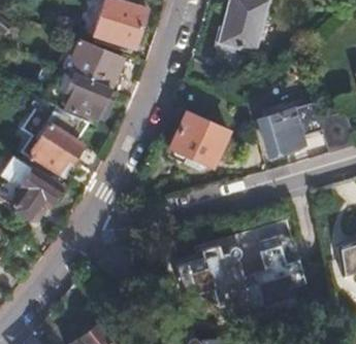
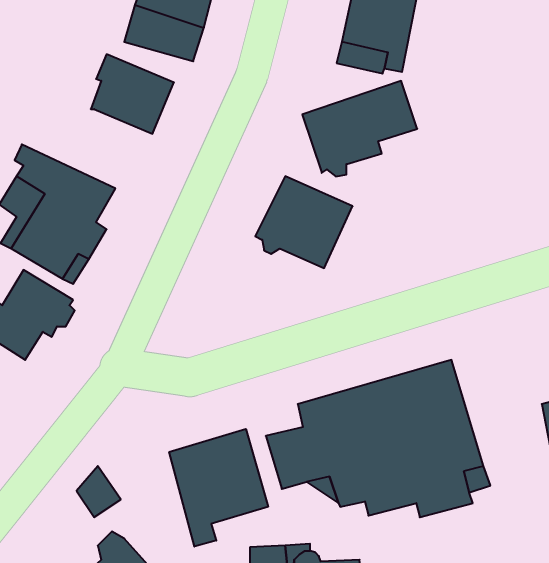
building: [67,73,109,116] -> none
building: [256,101,323,157] -> [302,81,417,176]
building: none -> [169,429,268,547]

